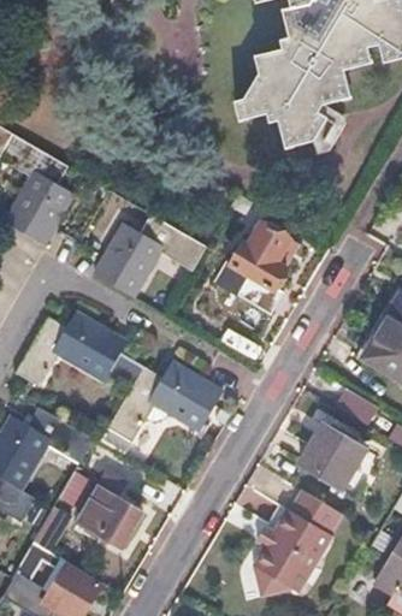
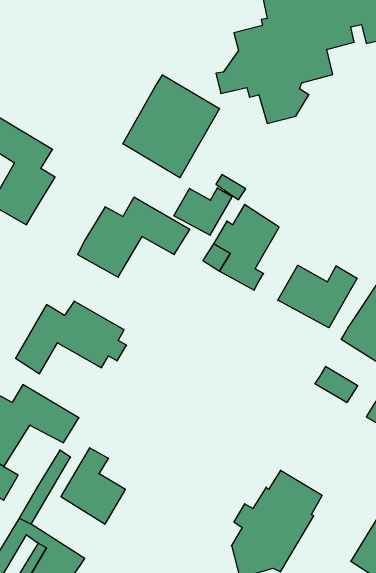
building: none -> [123,75,219,178]
building: none -> [174,188,232,235]
building: none -> [278,265,357,328]
building: [126,365,223,445] -> none
building: [296,427,362,492] -> none

